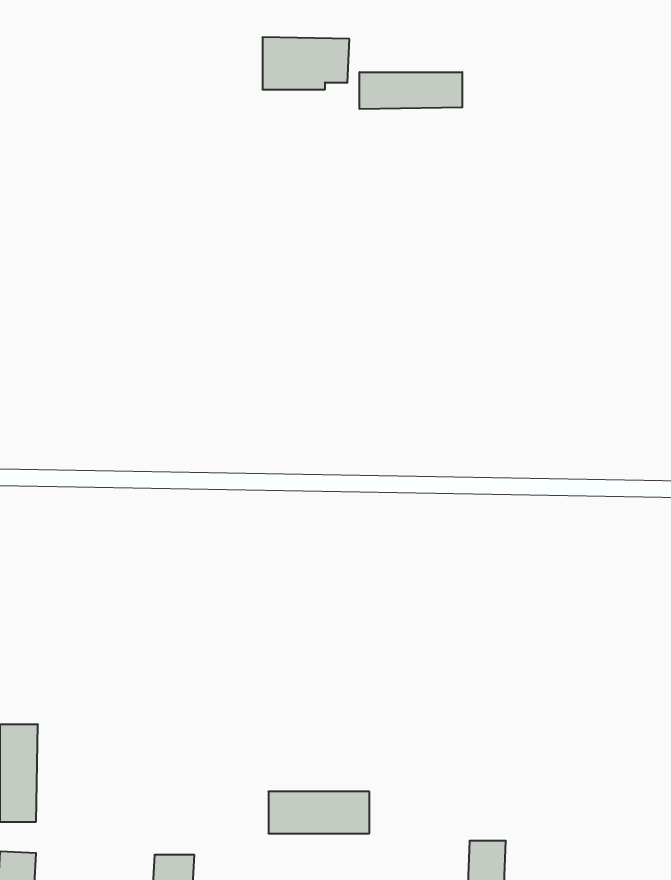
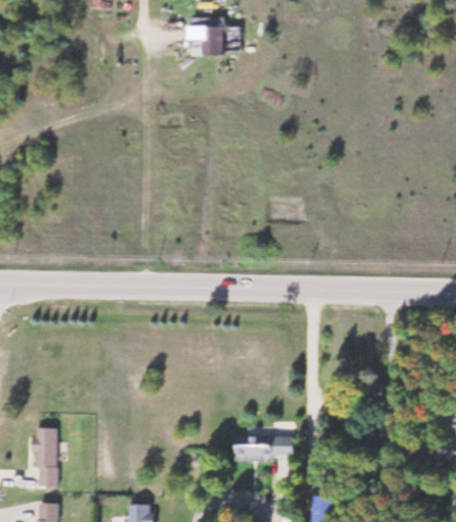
building: [360,72,462,109] -> none
building: [268,792,369,833] -> [234,435,293,460]

